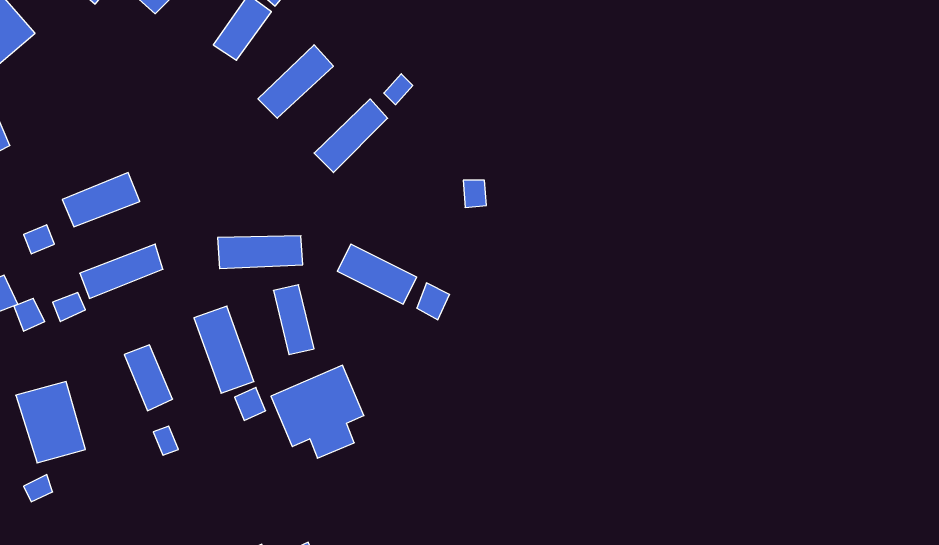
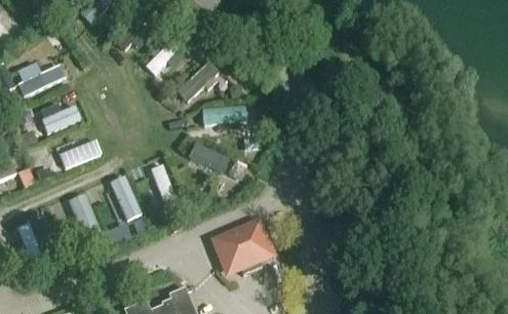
building: none -> [17,64,65,94]
building: [218,236,303,269] -> [200,107,245,124]
building: [271,365,364,458] -> [217,227,266,276]

